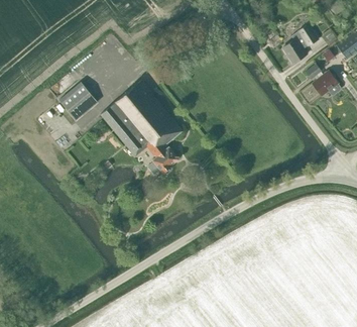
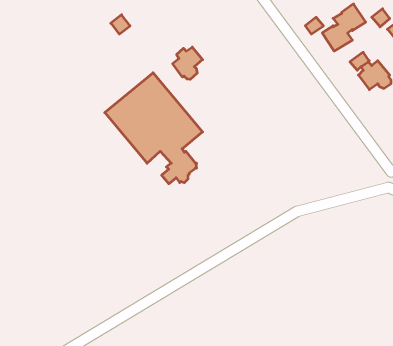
building: none -> [173,47,203,79]
building: [57,82,98,121] -> none

